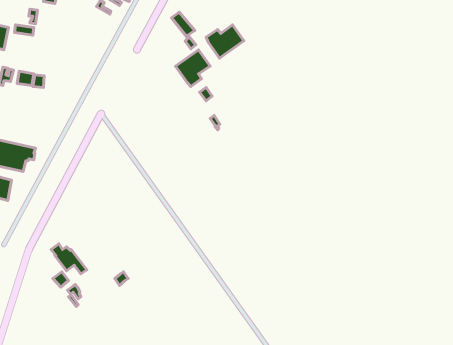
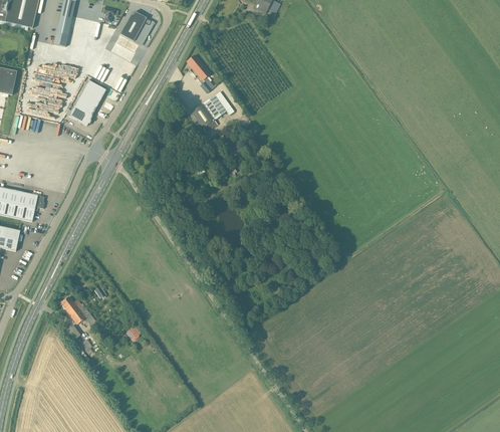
building: [206,25,244,58] -> none
building: none -> [67,79,105,126]

